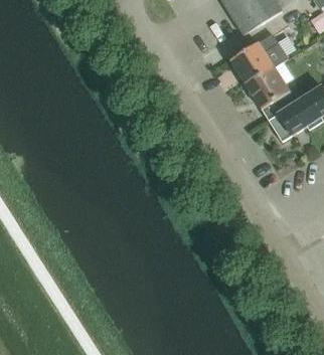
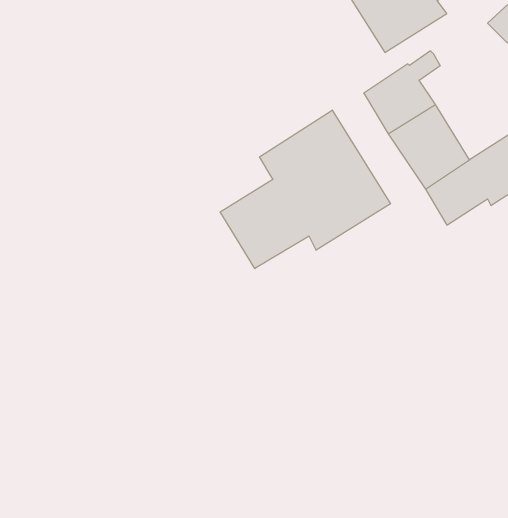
building: none -> [220,110,390,269]

